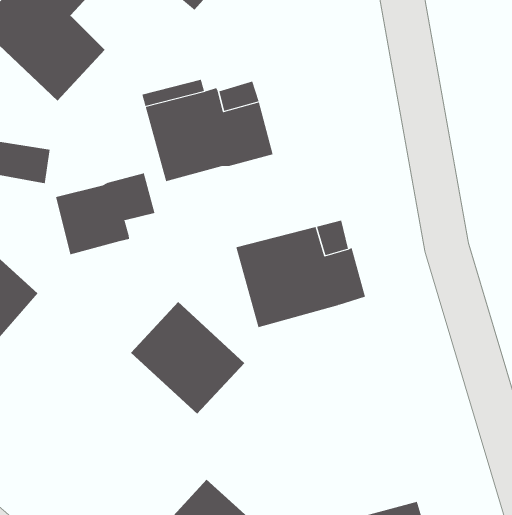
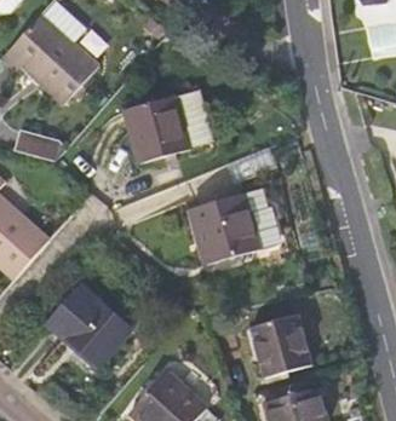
building: [56,173,155,255] -> none
building: [130,301,245,414] -> [48,287,130,367]
building: none -> [252,313,309,375]

